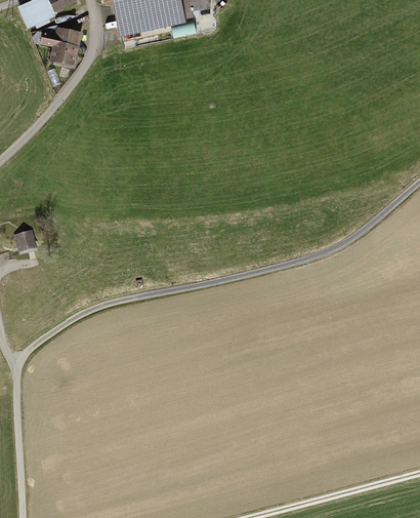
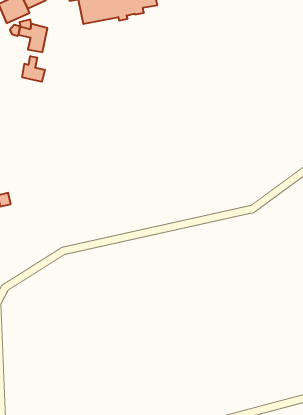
building: none -> [22,56,45,82]

